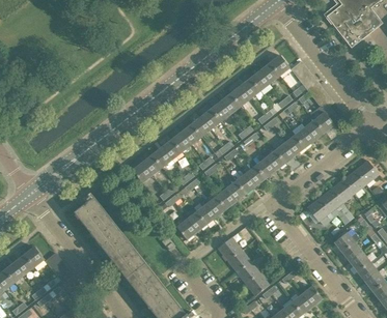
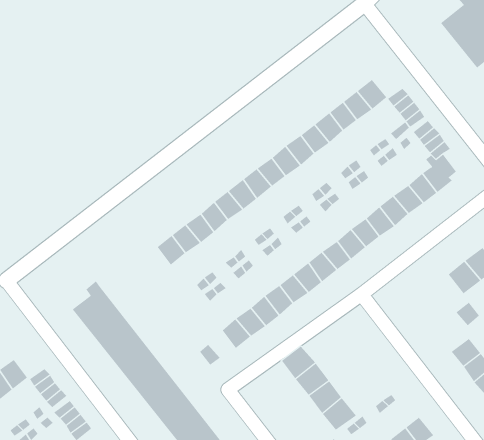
building: [306,189,341,222] -> none

